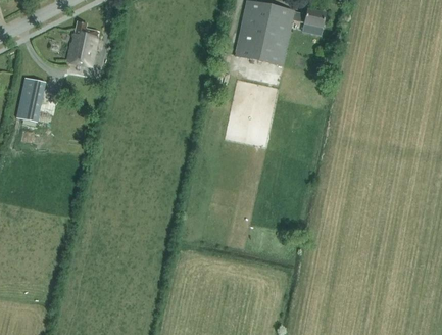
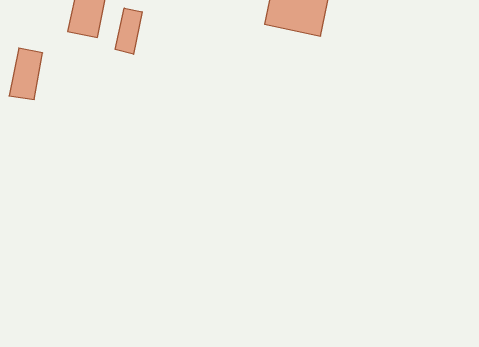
building: none -> [115,8,142,54]

